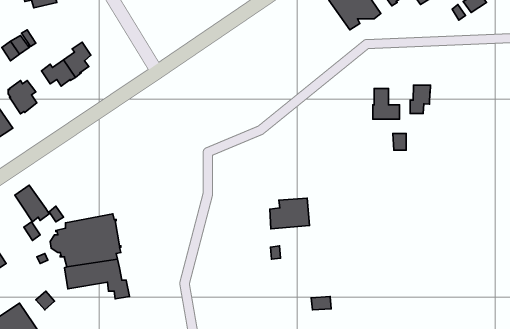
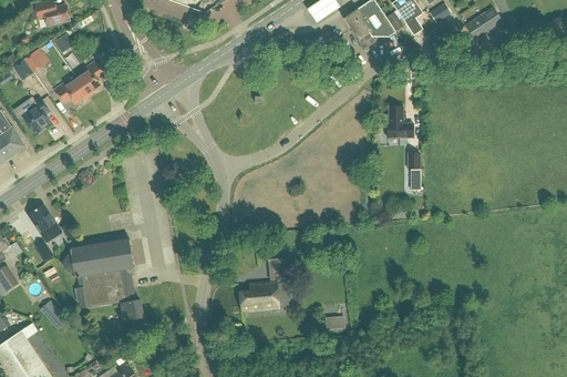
building: [410,85,431,114] -> none
building: [270,198,310,229] -> [238,281,278,312]

